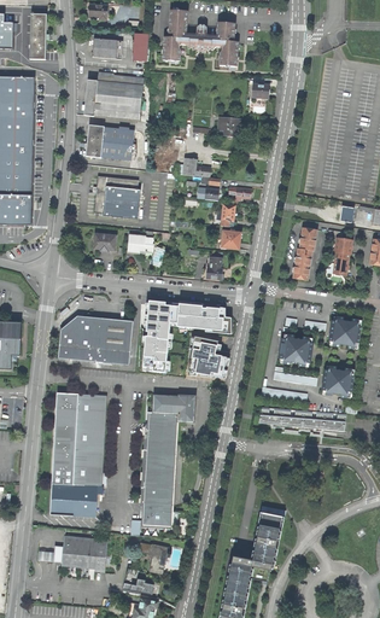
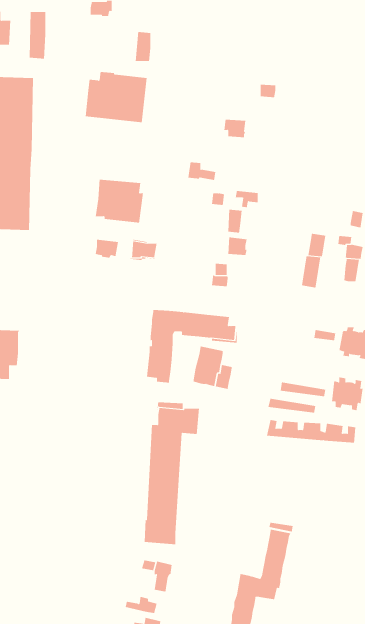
building: [162,10,238,66] -> none
building: [92,39,122,59] -> none
building: [86,124,135,159] -> none
building: [57,316,131,365] -> none
building: [277,334,312,366] -> none
building: [49,392,106,517] -> none
building: [62,536,106,572] -> none

